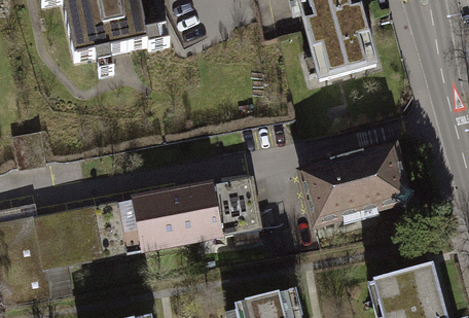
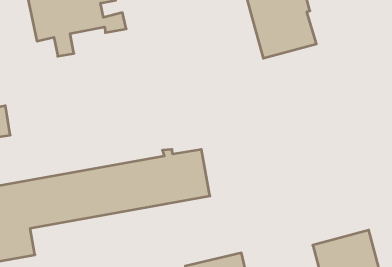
building: [300,143,413,222] -> none

